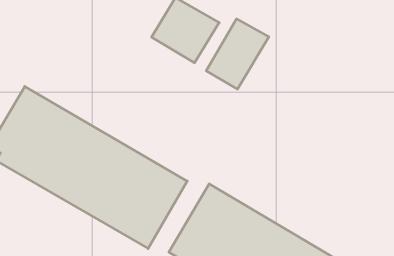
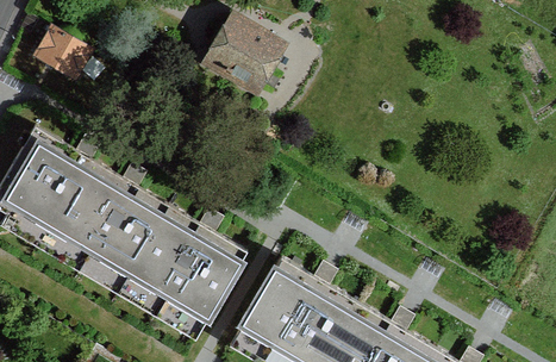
building: none -> [36,31,95,82]
building: [206,19,269,89] -> none

